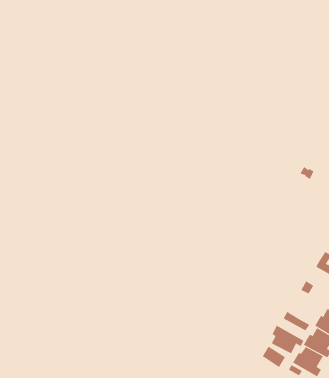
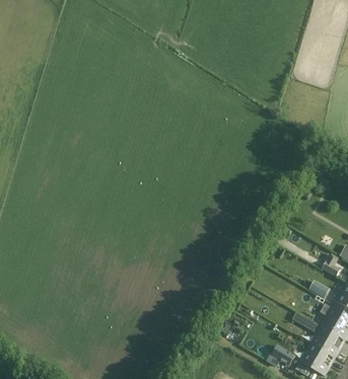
building: [267,325,304,356] -> none

